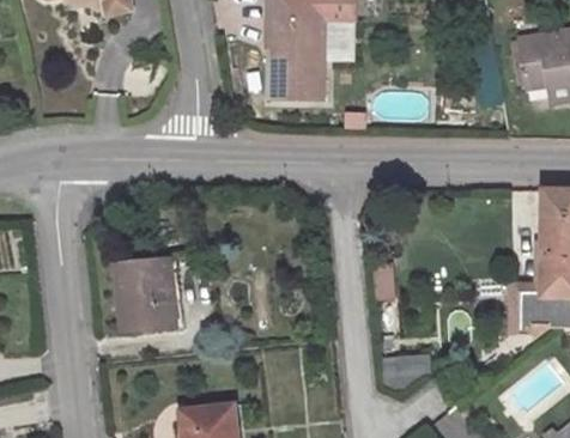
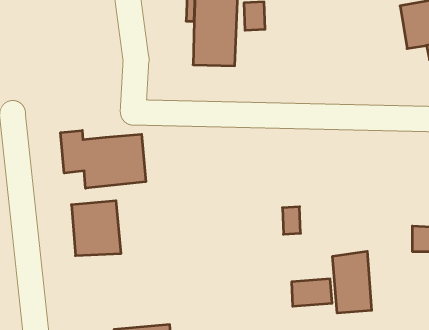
building: none -> [61,130,146,188]
building: none -> [333,251,372,313]

